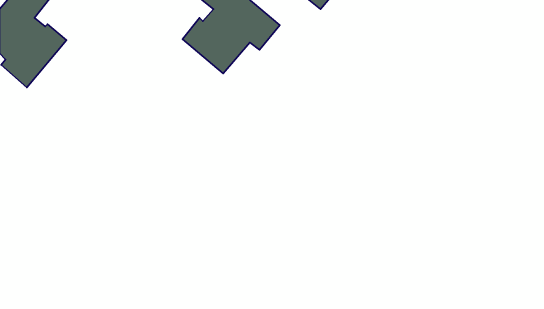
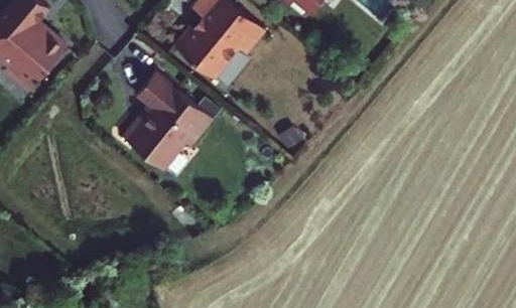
building: none -> [122,73,214,171]

